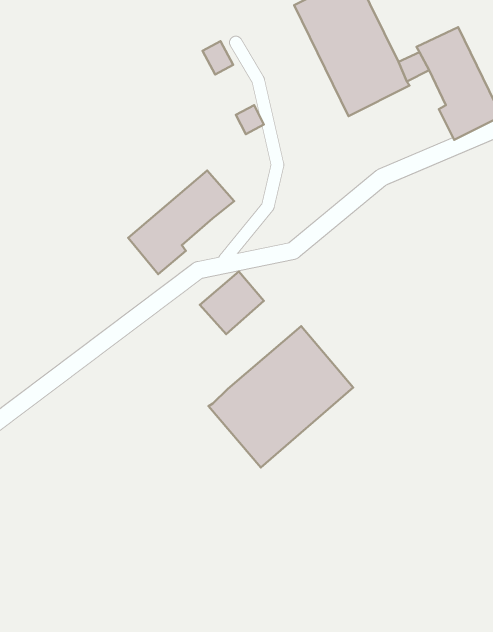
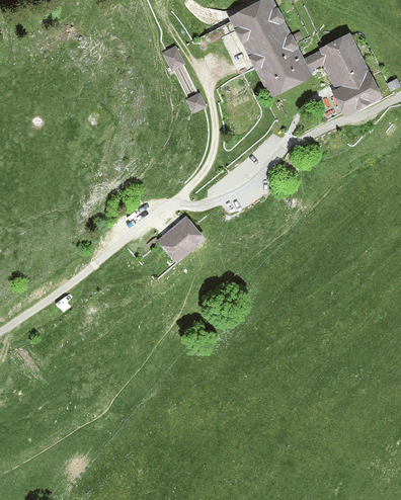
building: [128,170,234,274] -> none
building: [209,326,353,467] -> none

